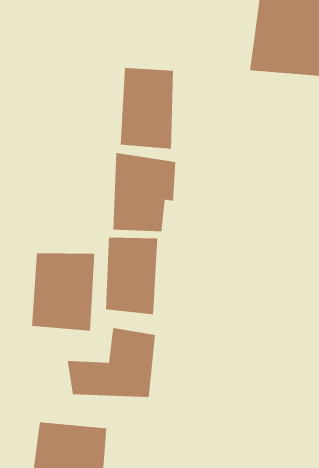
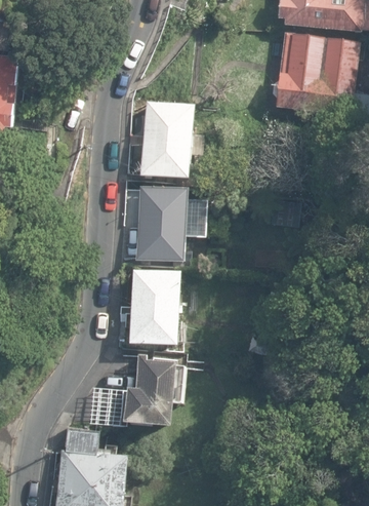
building: [31,252,95,332] -> none

